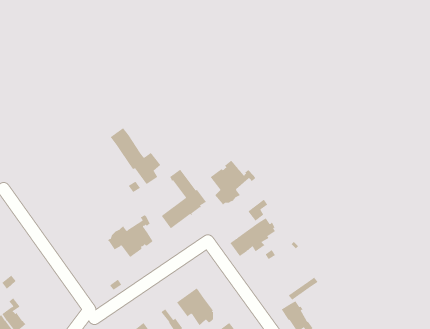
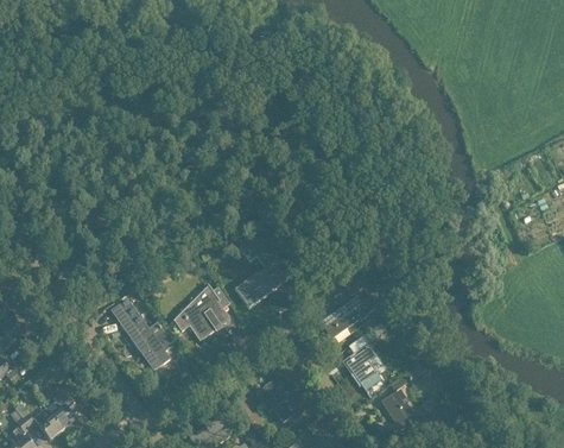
building: [110,127,161,185] -> [110,298,172,367]
building: [210,160,256,206] -> none
building: none -> [344,346,380,390]

